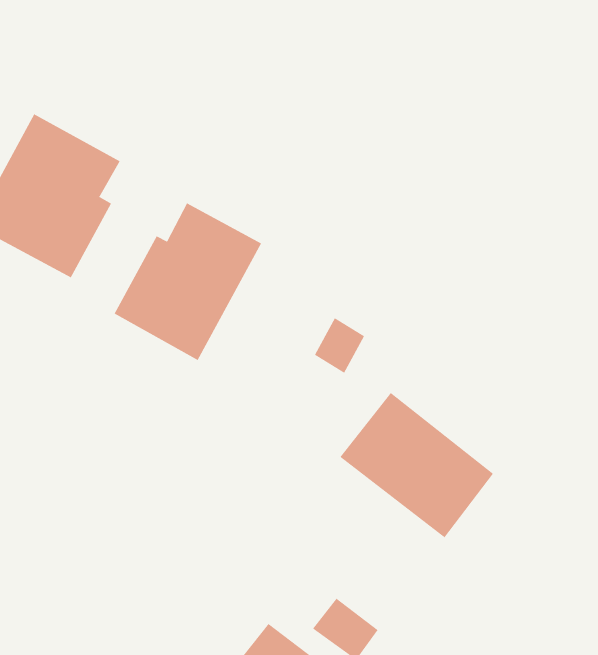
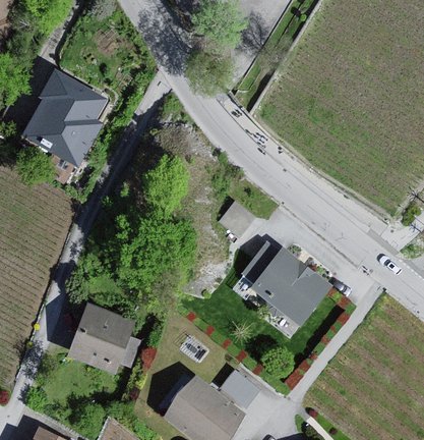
building: [114,203,262,361] -> none
building: none -> [66,302,133,375]

